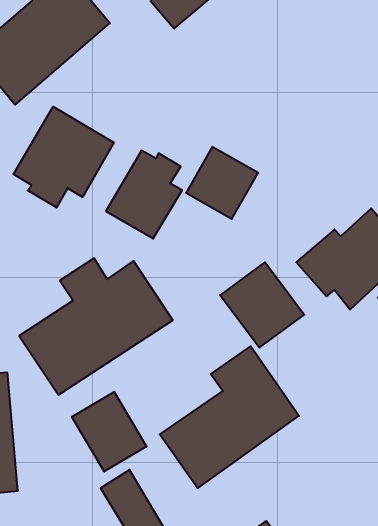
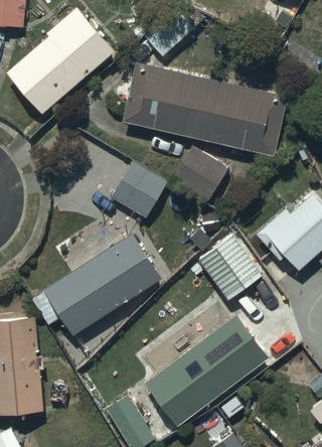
building: none -> [123,63,287,156]
building: [13,107,114,208] -> none
building: [72,392,147,472] -> none

